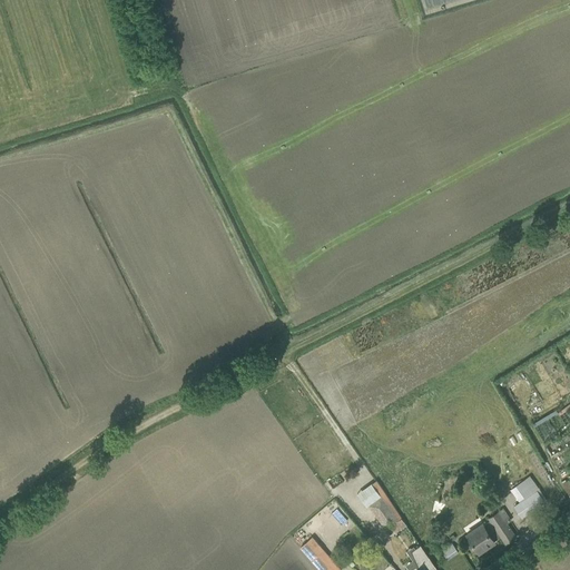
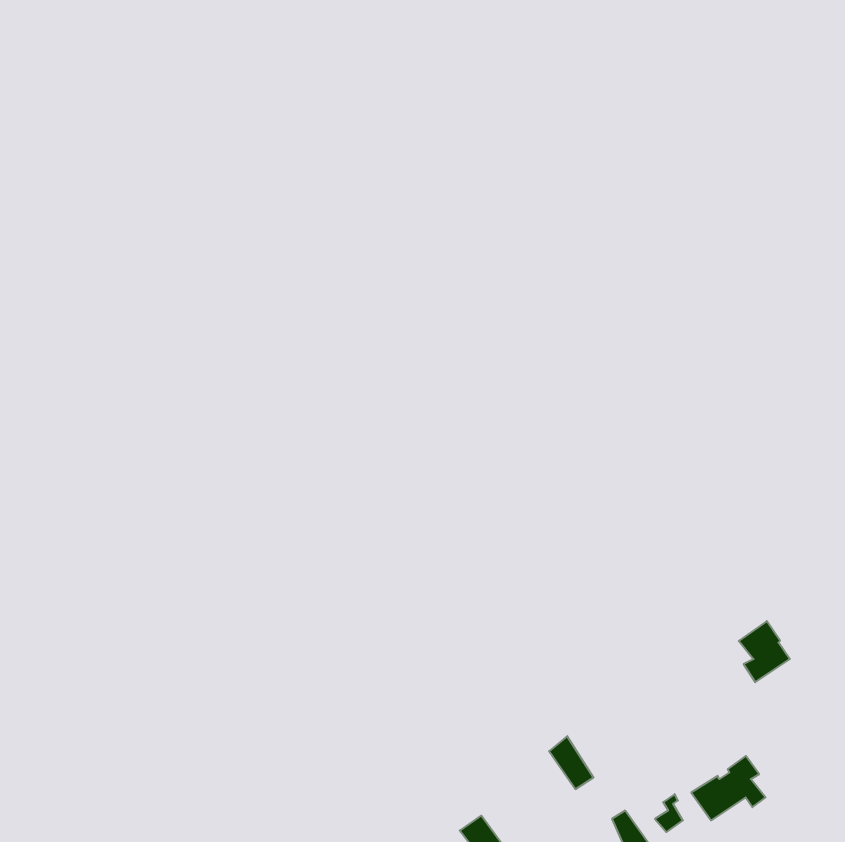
building: [511,479,546,520] -> [739,621,790,682]

